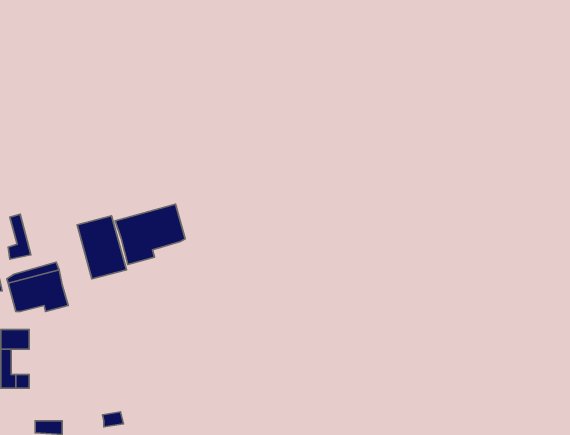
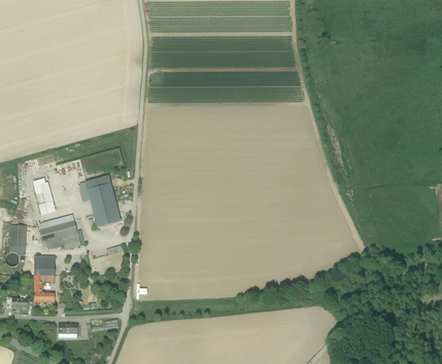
building: [115,204,185,264] -> none

